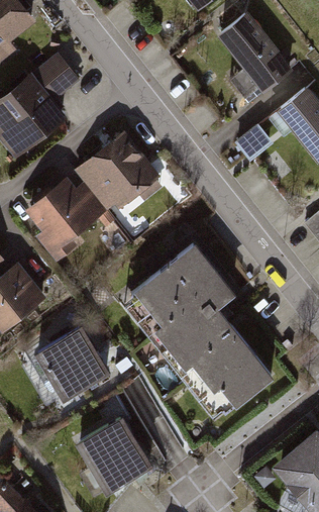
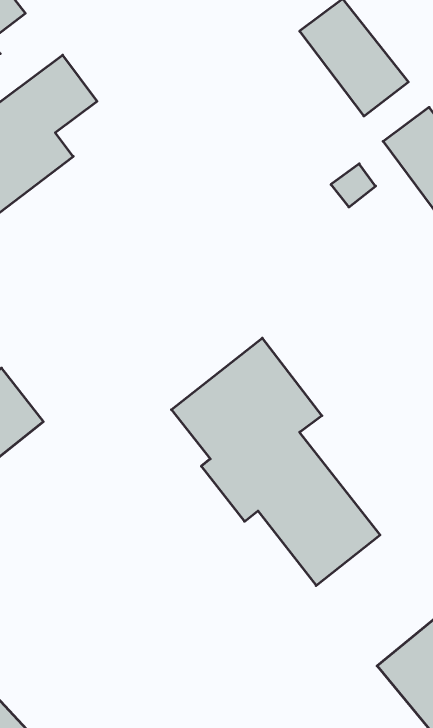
building: [21,132,164,262] -> none
building: [34,326,110,402] -> none
building: [76,416,150,494] -> none

